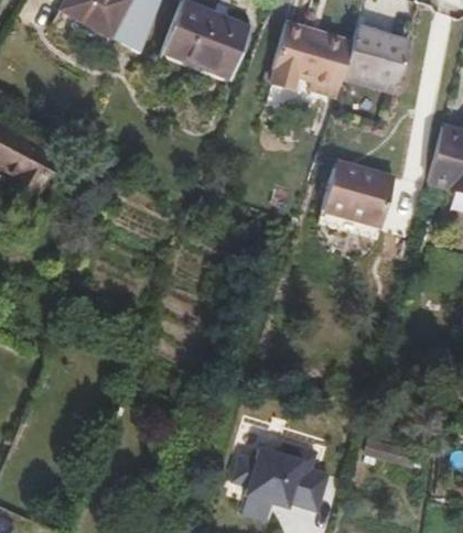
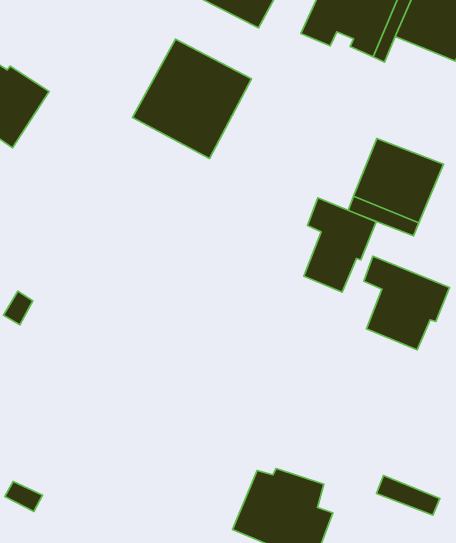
building: none -> [132,39,251,158]
building: none -> [304,198,376,292]
building: none -> [364,256,449,350]

